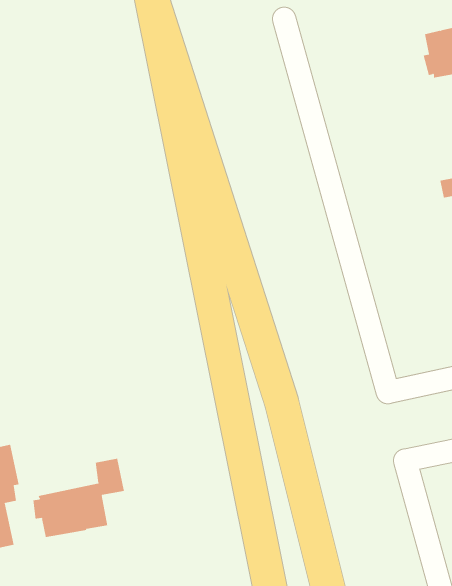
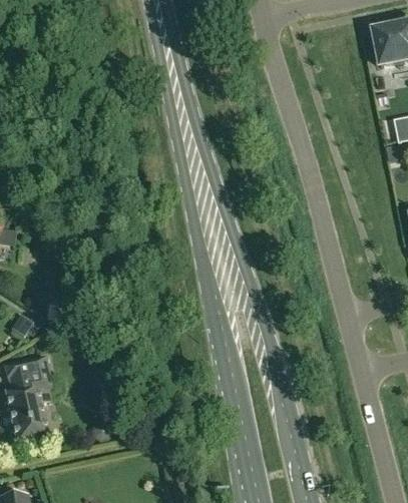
building: [33,458,125,538] -> none

